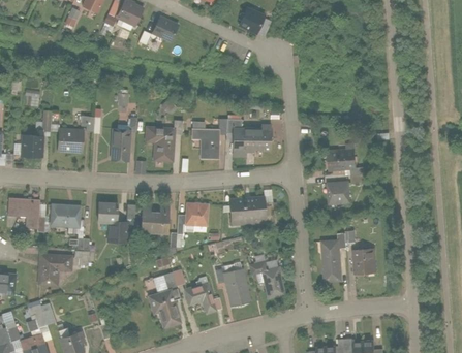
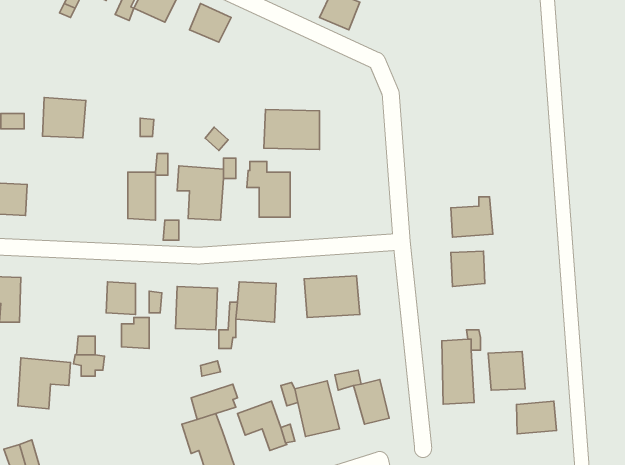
building: [56,126,85,153] -> [43,97,86,138]
building: [233,126,270,153] -> [264,109,320,150]
building: [50,203,82,228] -> none
building: none -> [516,401,556,434]

